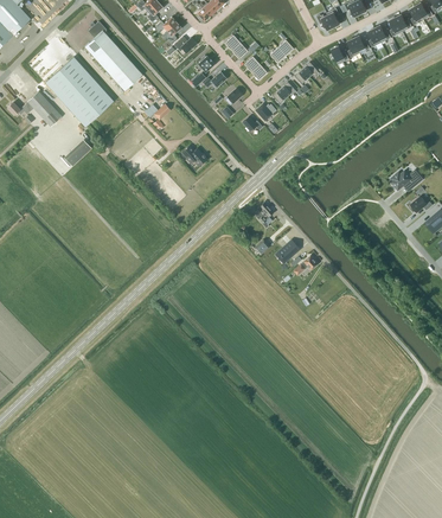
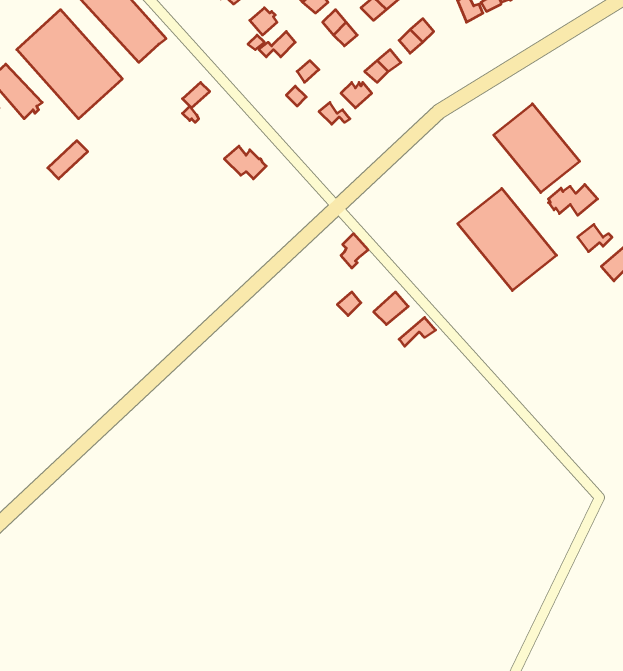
building: none -> [494,104,580,193]
building: none -> [458,188,557,291]

